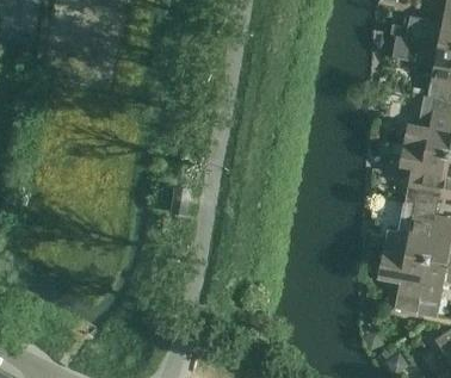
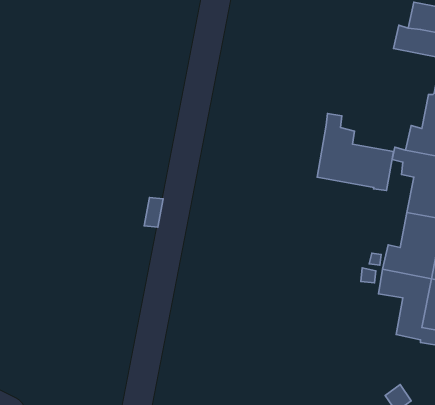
building: none -> [317,114,394,190]

